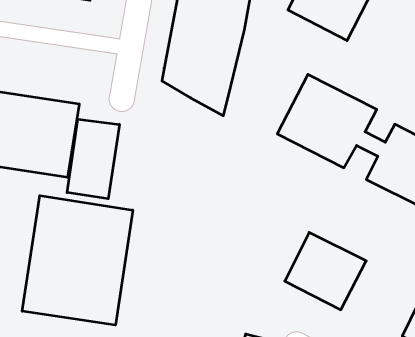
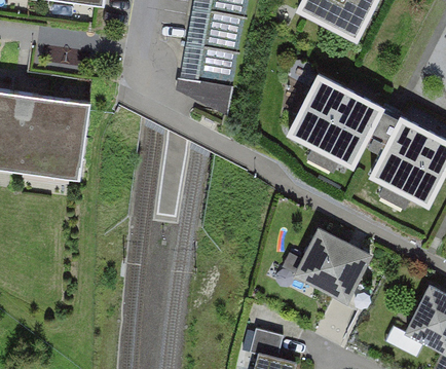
building: [67,119,119,199] -> none
building: [22,196,133,325] -> none

